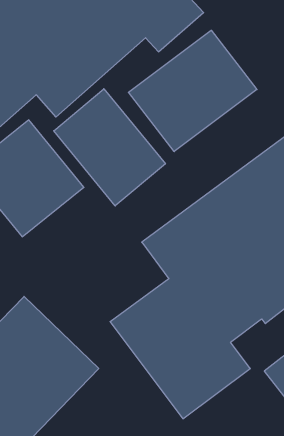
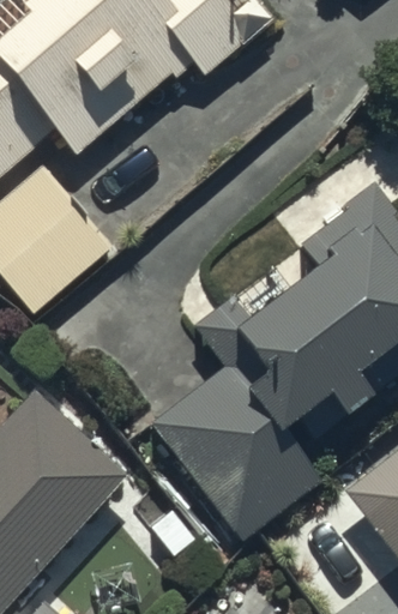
building: [128,30,257,152] -> none
building: [54,89,165,206] -> none

